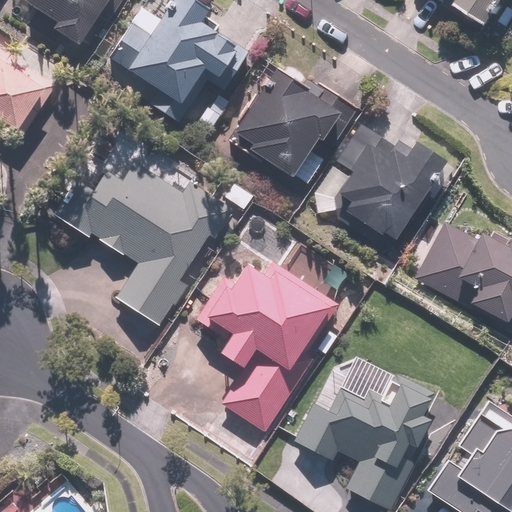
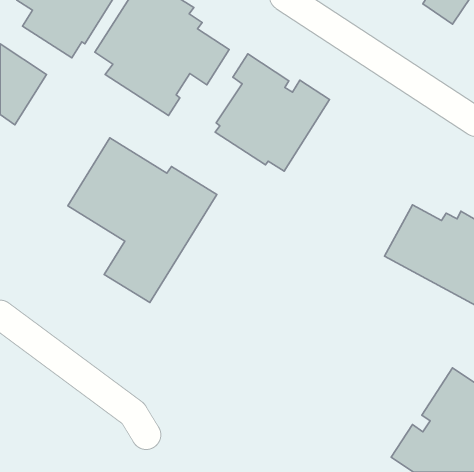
building: [328,124,451,242] -> none
building: [194,258,340,434] -> none
building: [294,383,427,501] -> none

